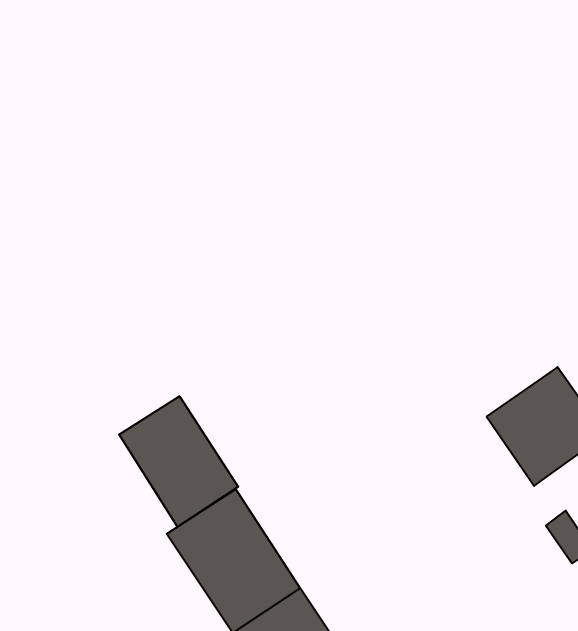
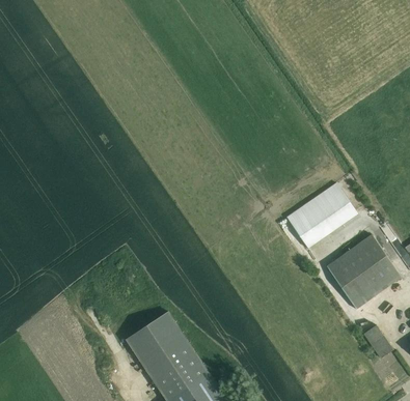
building: none -> [286,182,357,248]
building: [119,396,238,527] -> none

